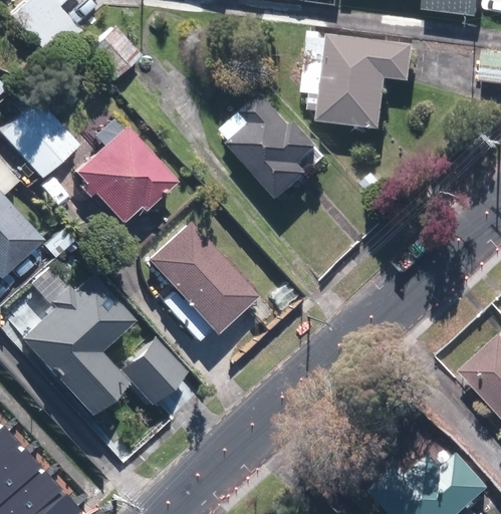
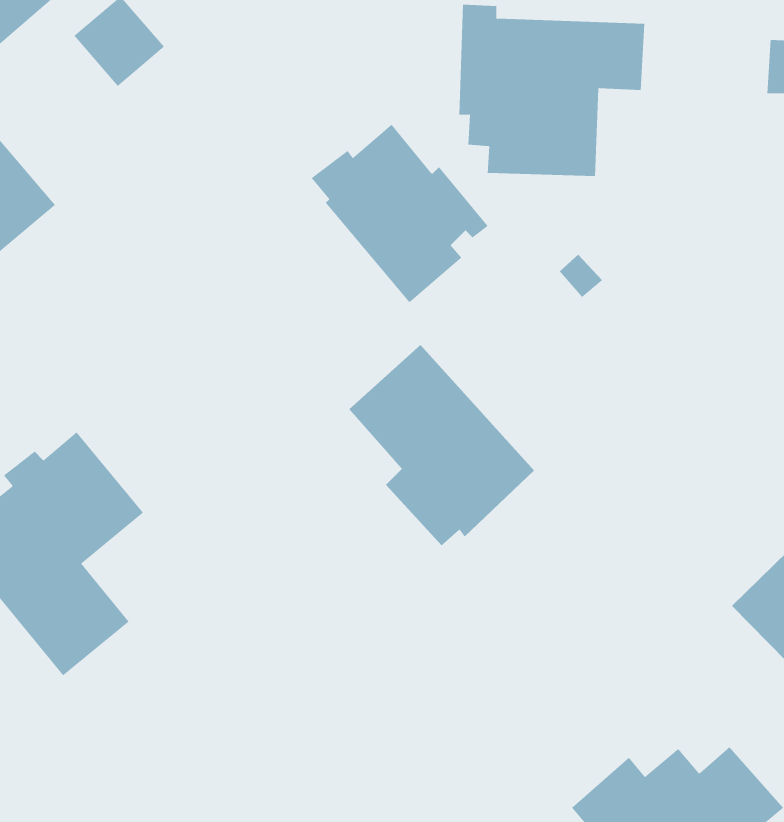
building: [73,125,174,222] -> none
building: [147,221,253,336] -> [348,344,535,546]
building: [119,334,189,404] -> none

